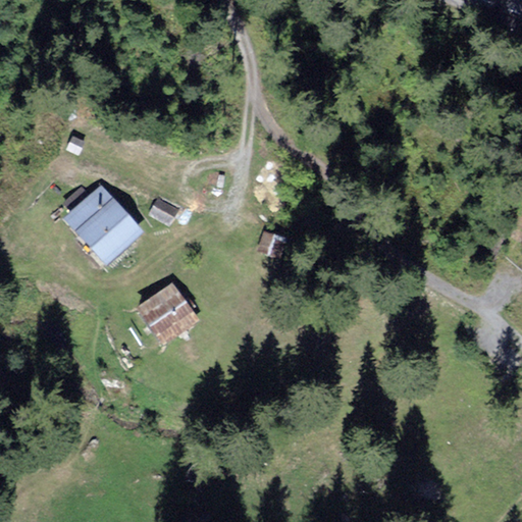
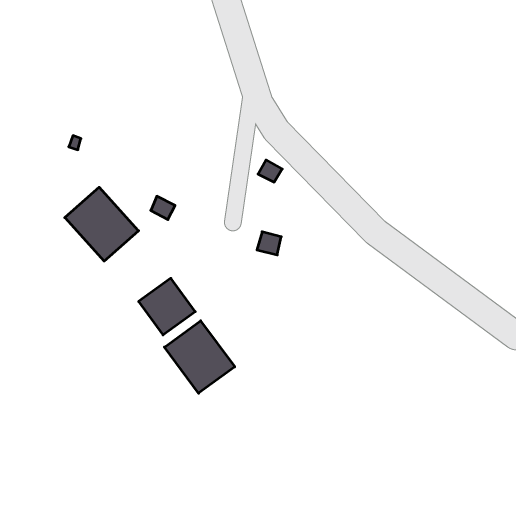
building: none -> [164,321,235,393]

